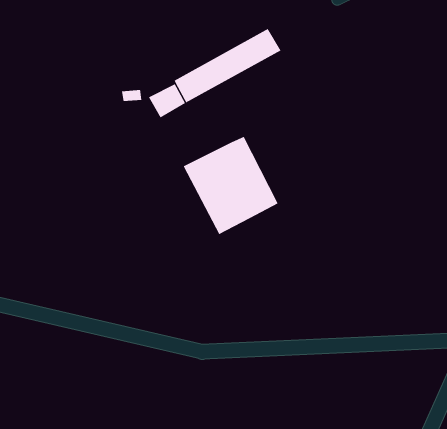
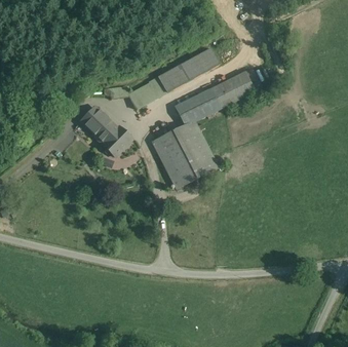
building: none -> [176,71,255,125]
building: none -> [81,107,131,156]

